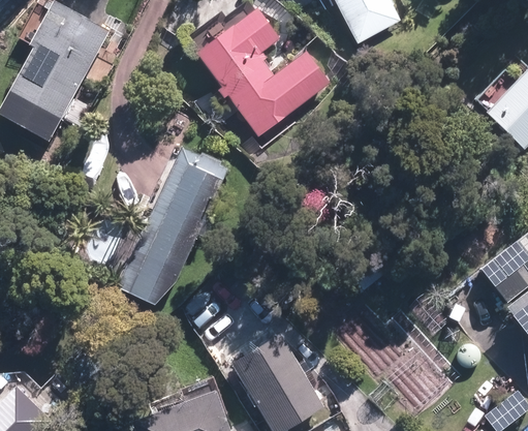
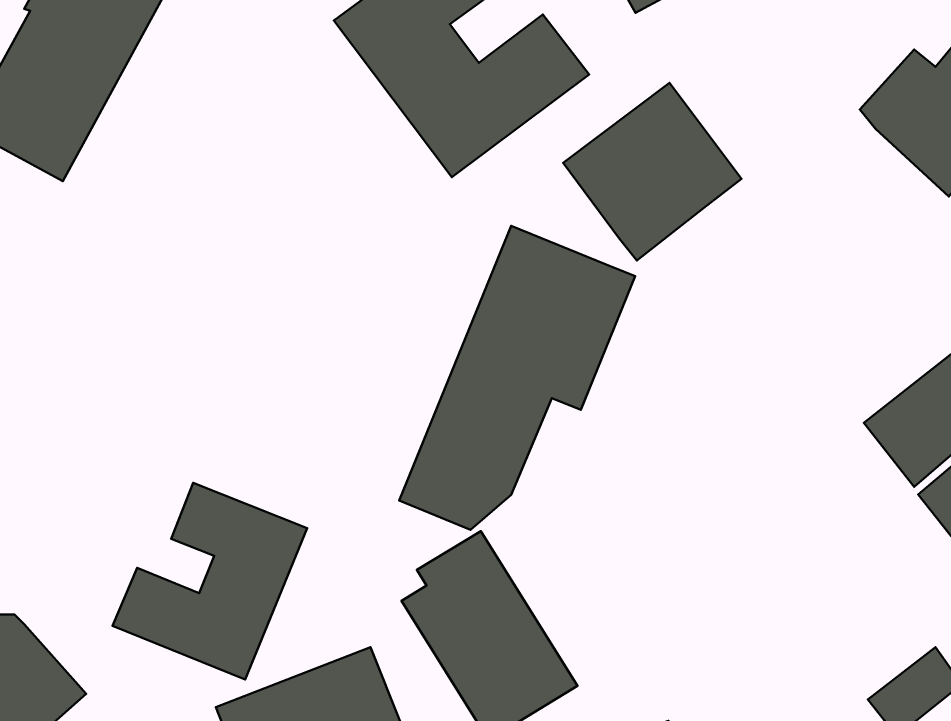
building: none -> [563,83,742,260]
building: [116,142,242,304] -> [399,226,635,530]
building: none -> [113,483,307,679]

